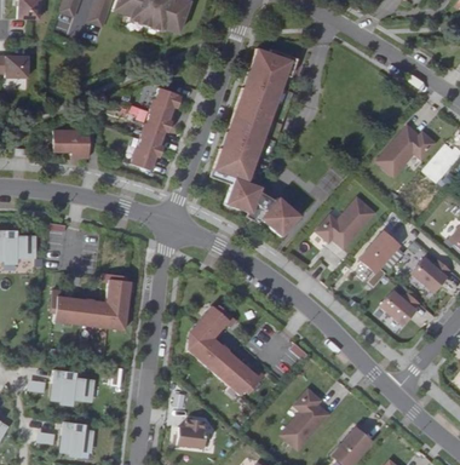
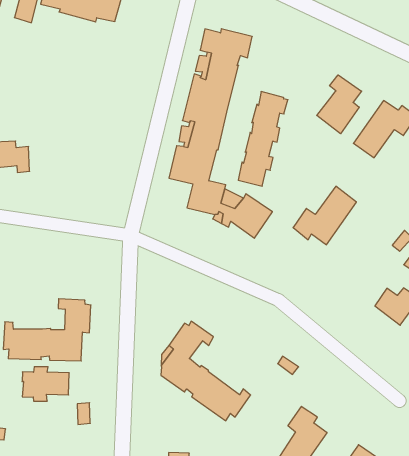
building: [132,86,183,170] -> [238,92,288,186]
building: none -> [317,75,362,134]
building: [360,231,399,272] -> none
building: [51,371,94,402] -> [22,367,69,401]

